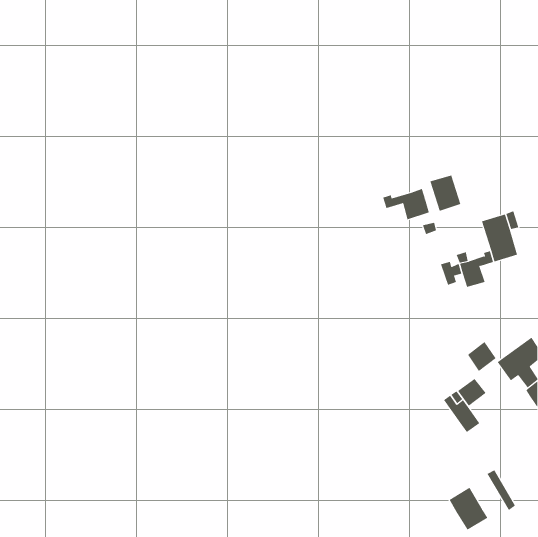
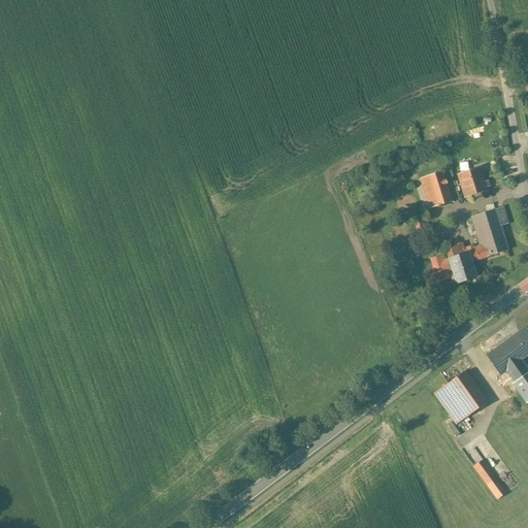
building: none -> [458,167,488,196]
building: [382,188,430,220] -> none
building: [467,341,497,372] -> [459,385,488,415]
building: [449,487,488,531] -> none

